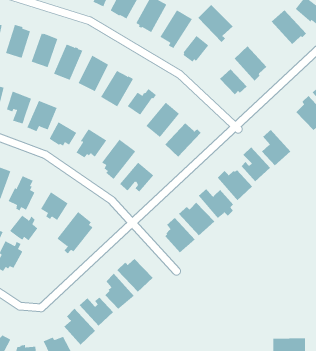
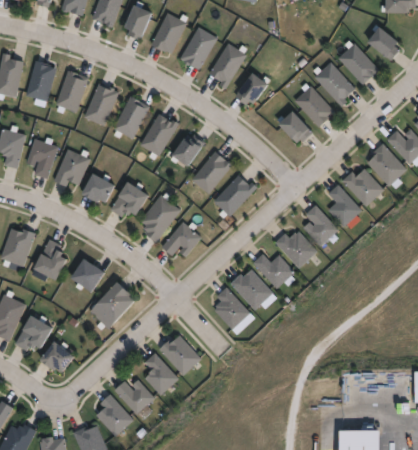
building: [197,4,233,43] -> [314,63,356,108]
building: none -> [342,167,384,206]
building: [9,215,38,241] -> [37,340,71,371]

